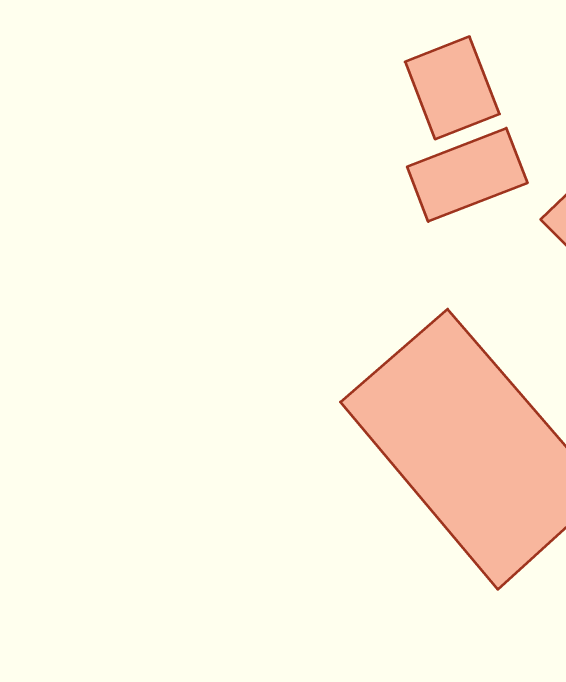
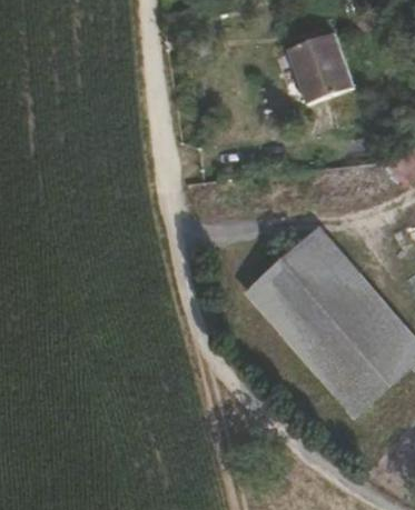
building: [407,128,527,222] -> none

